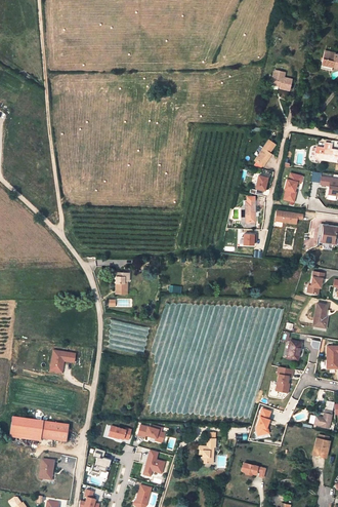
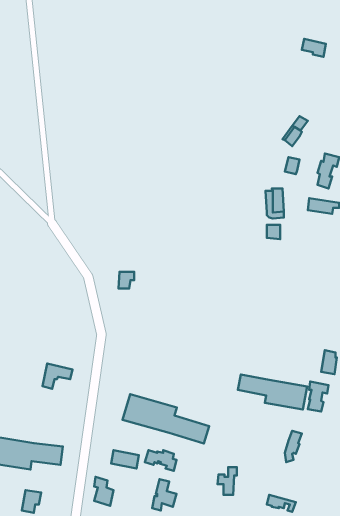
building: none -> [238,374,307,409]
building: none -> [123,394,209,444]

